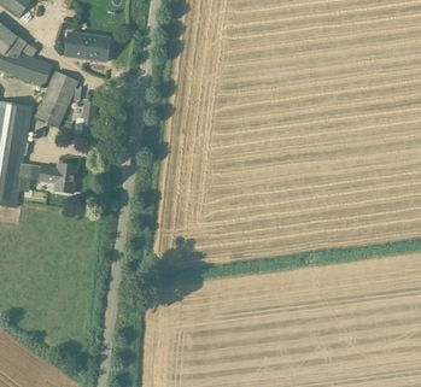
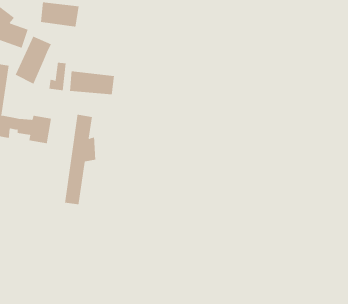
building: none -> [70,70,115,95]
building: none -> [64,114,96,205]

